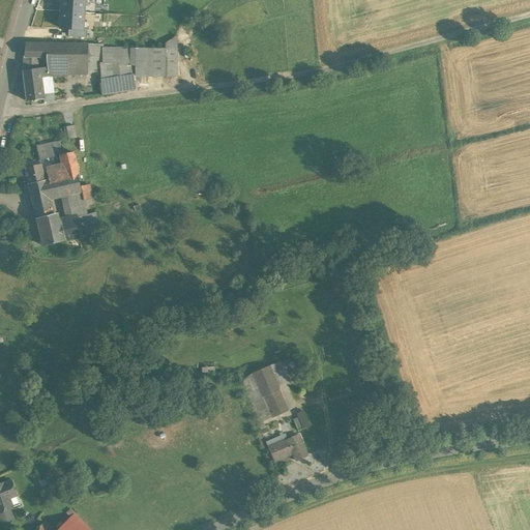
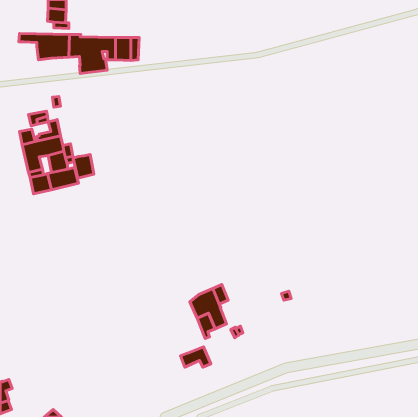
building: [23,60,49,100] -> none
building: none -> [73,155,94,178]
building: [268,434,306,460] -> [181,347,211,367]

